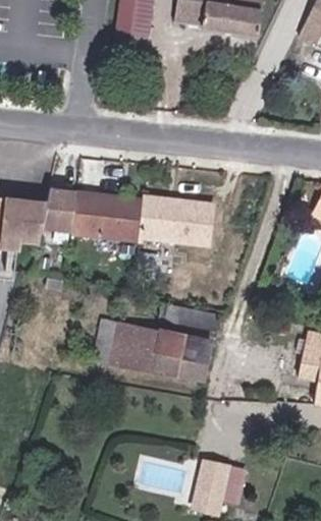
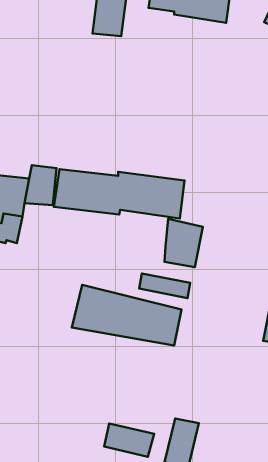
building: none -> [164,219,203,267]
building: none -> [104,424,154,457]

